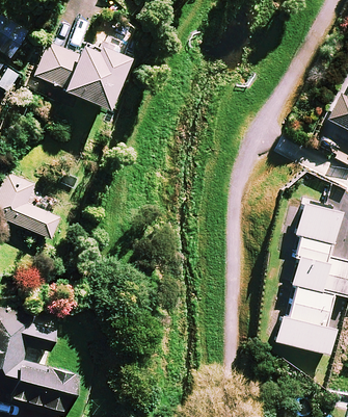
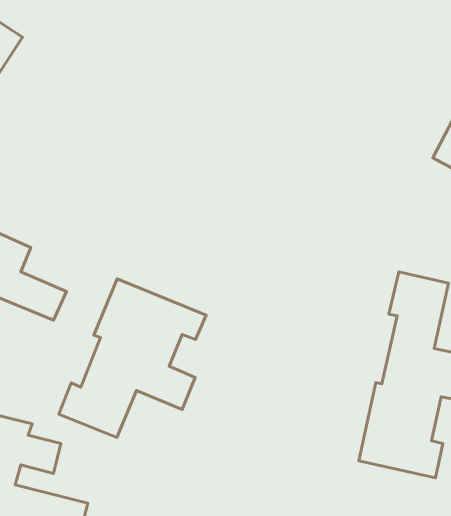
building: [39,43,131,109] -> none
building: none -> [59,279,206,438]

